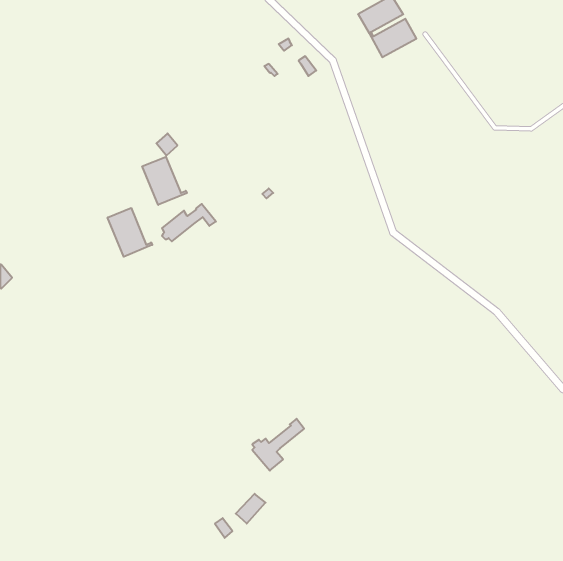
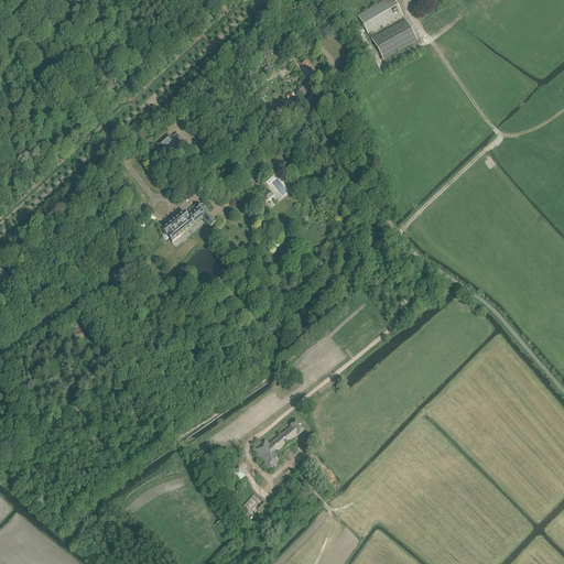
building: [142,157,187,205] -> none
building: [108,208,152,257] -> none

